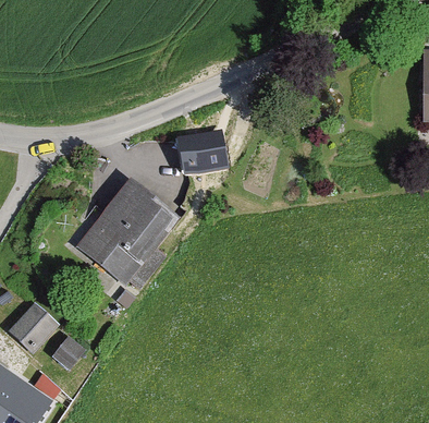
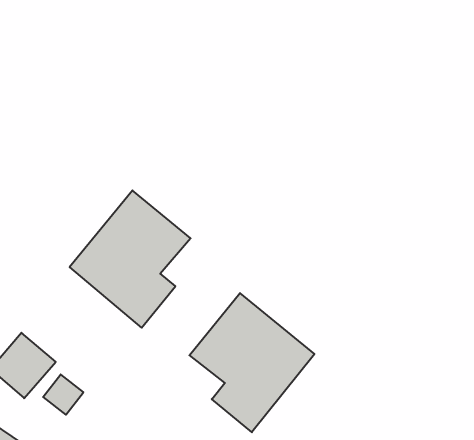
building: [180,121,229,182] -> none
building: none -> [189,293,314,432]

